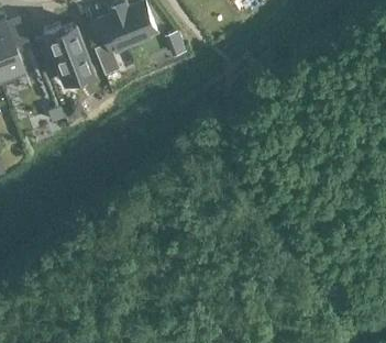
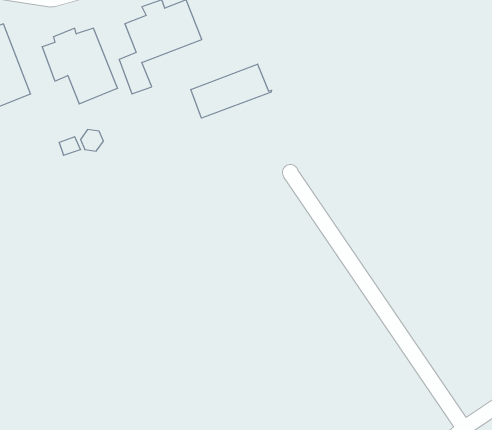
building: none -> [191,64,271,118]

